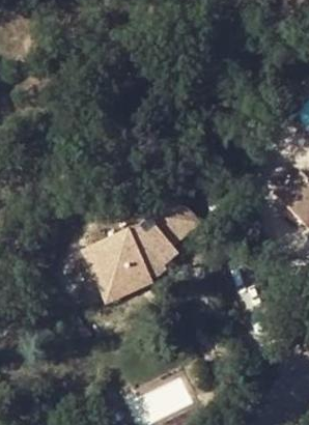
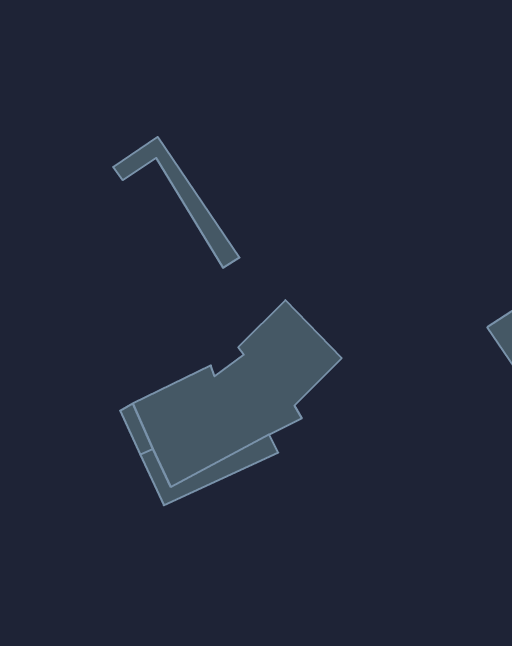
building: none -> [113,137,240,268]

